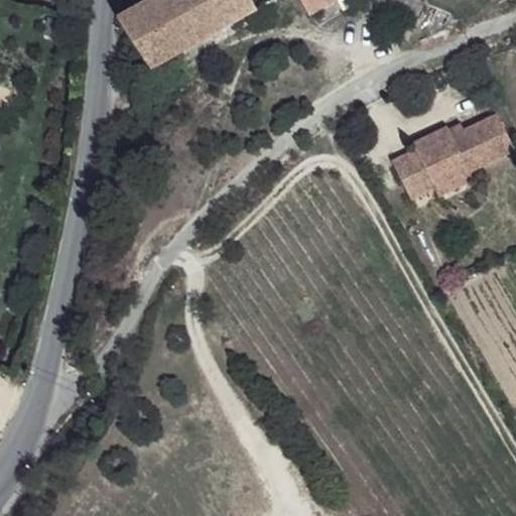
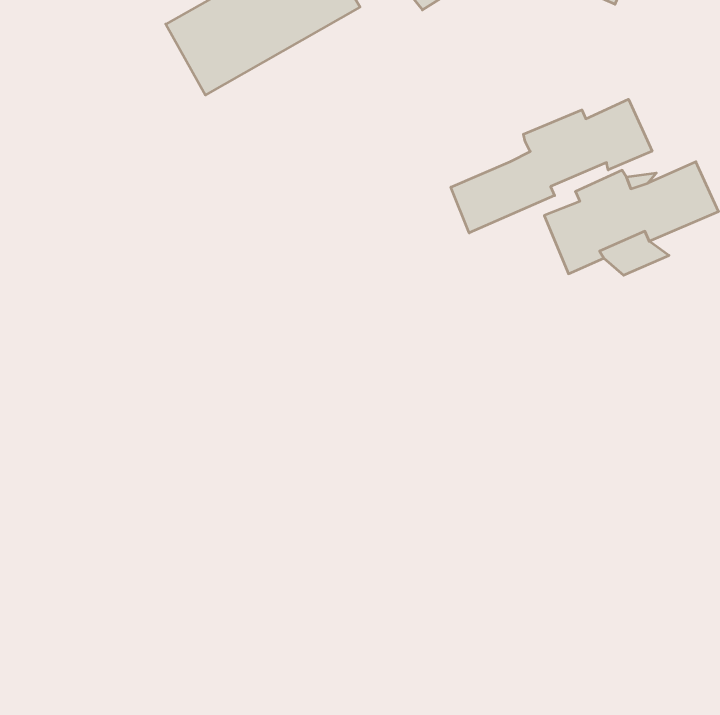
building: none -> [451,99,652,233]

